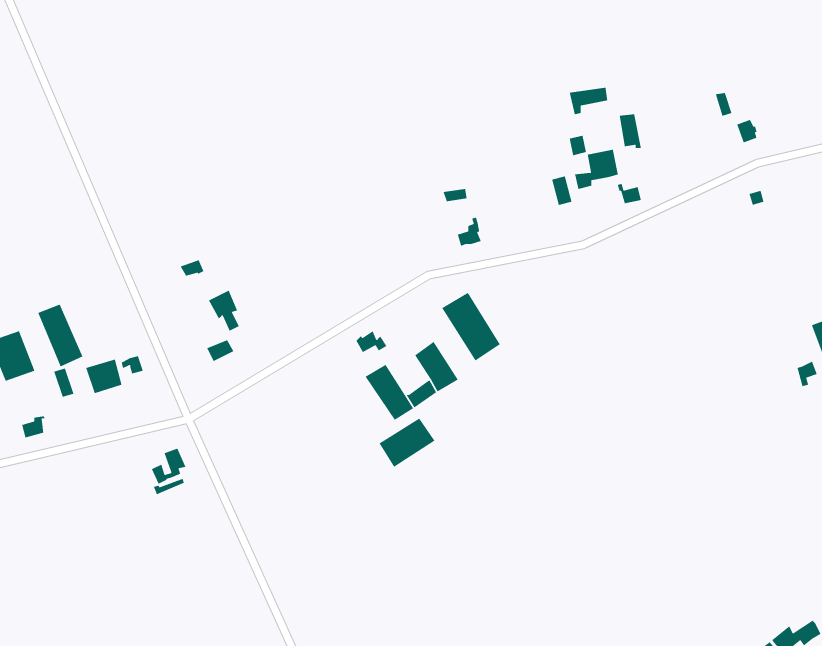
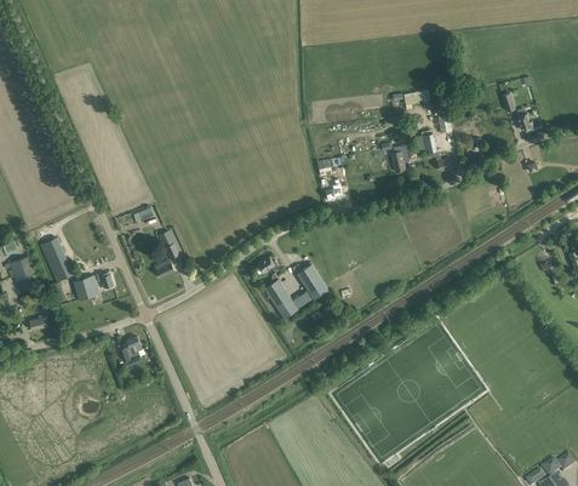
building: [441,292,501,362] -> none
building: [379,418,435,468] -> none

